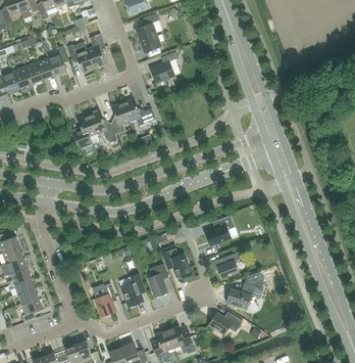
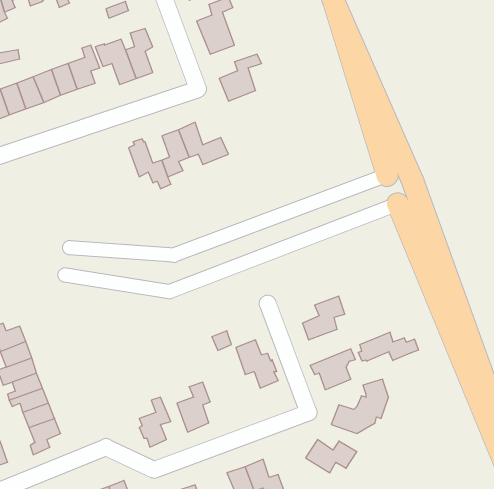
building: [72,115,98,148] -> none
building: none -> [358,332,418,361]
building: [147,263,168,297] -> none

